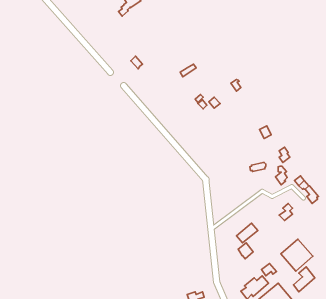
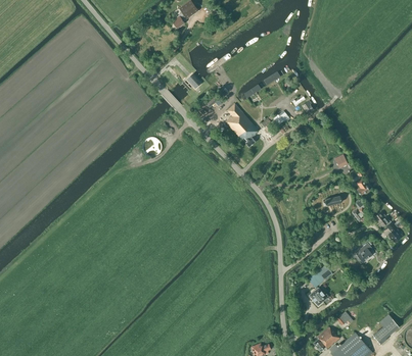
building: none -> [226,104,259,147]
building: [281,239,313,271] -> none

